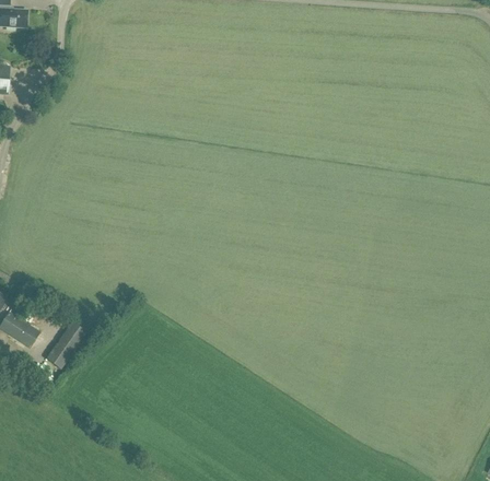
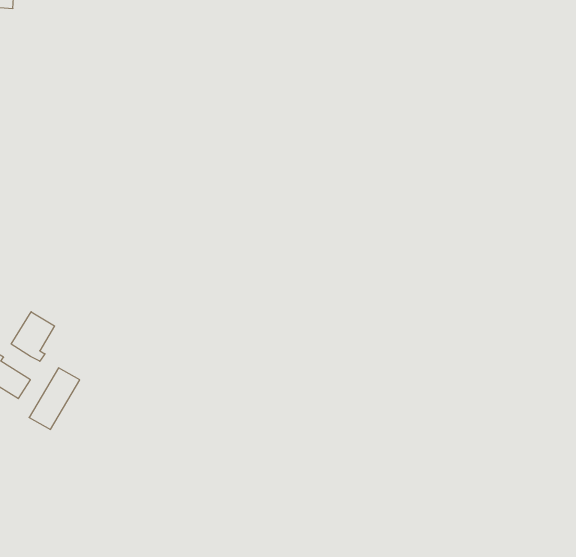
building: none -> [11,312,55,361]

